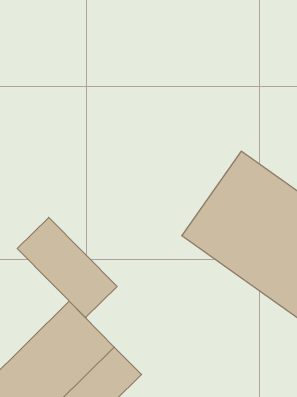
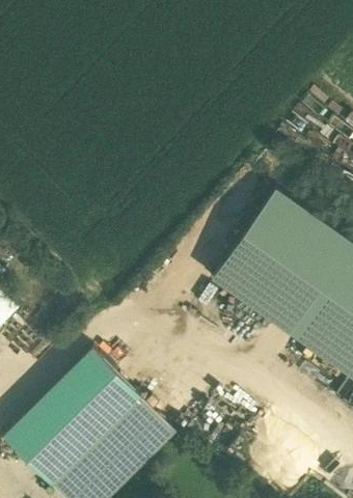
building: [17,217,117,318] -> none

